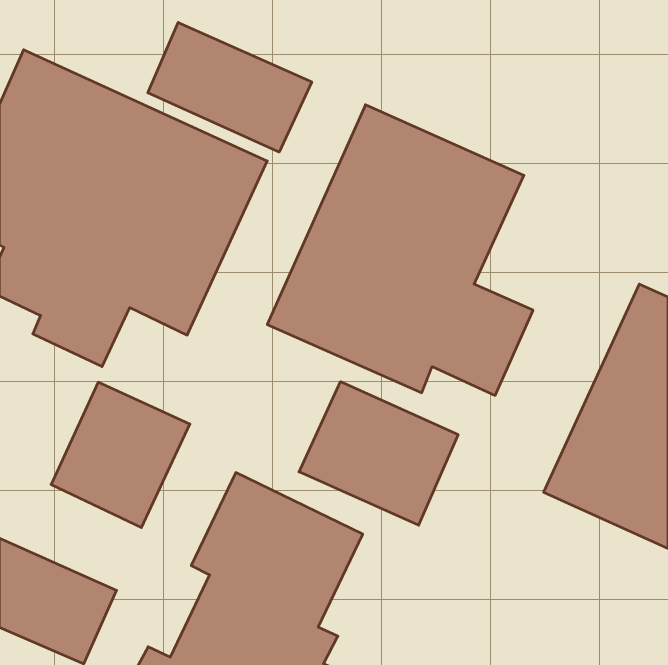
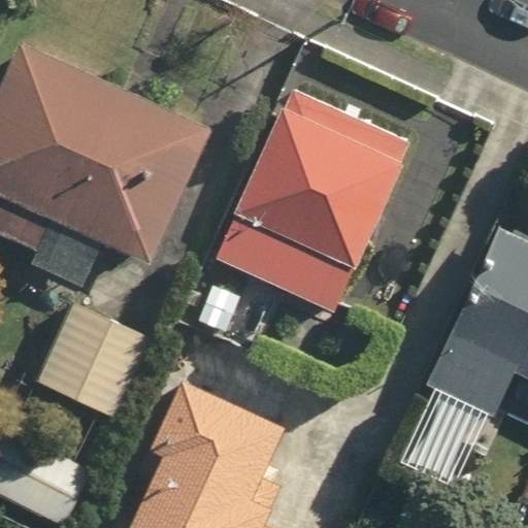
building: [148,22,312,152] -> none
building: [299,382,458,525] -> none

